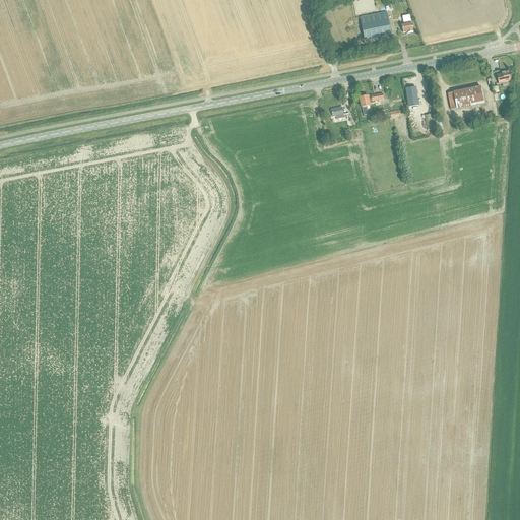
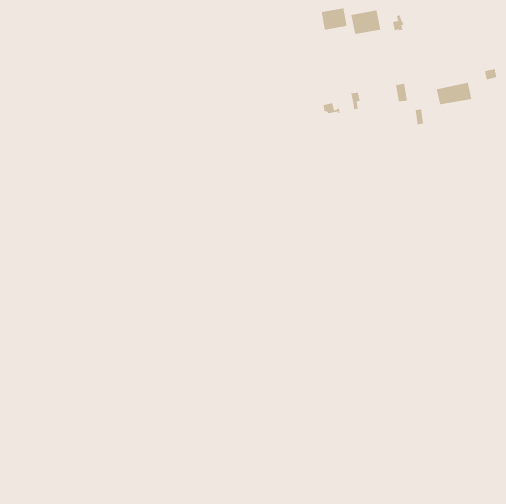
building: none -> [321,7,347,31]

